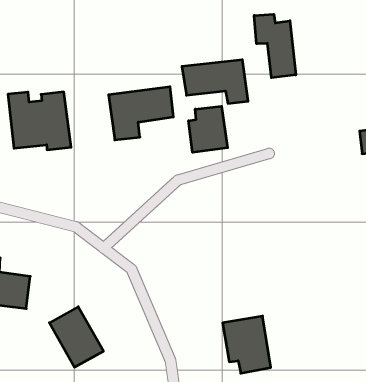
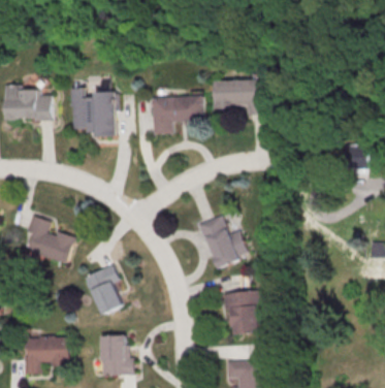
building: [254,14,296,78] -> none
building: [189,106,228,152] -> none
building: none -> [198,216,249,269]

